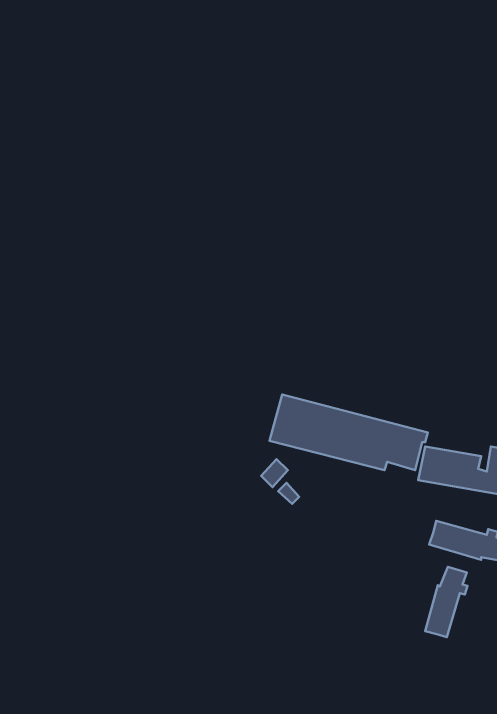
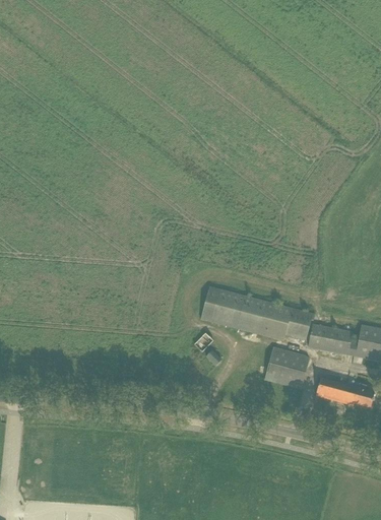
building: none -> [265,347,310,389]
building: [425,567,467,637] -> none

